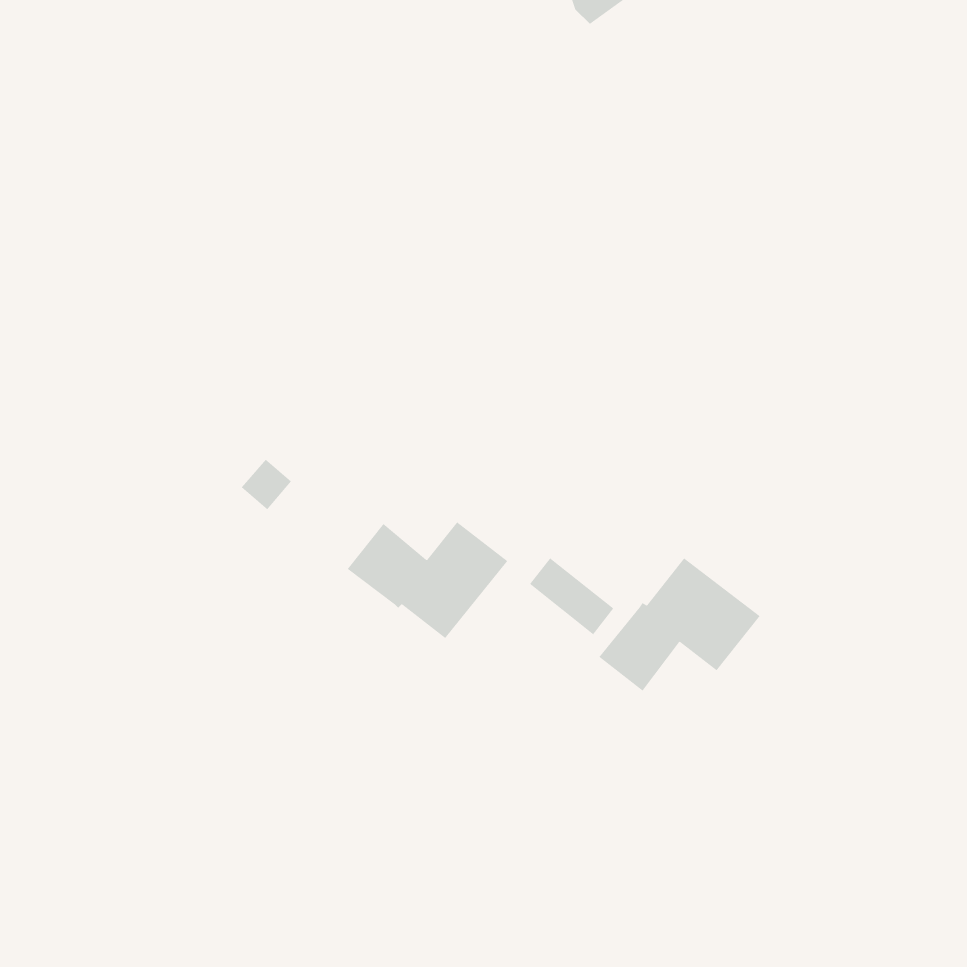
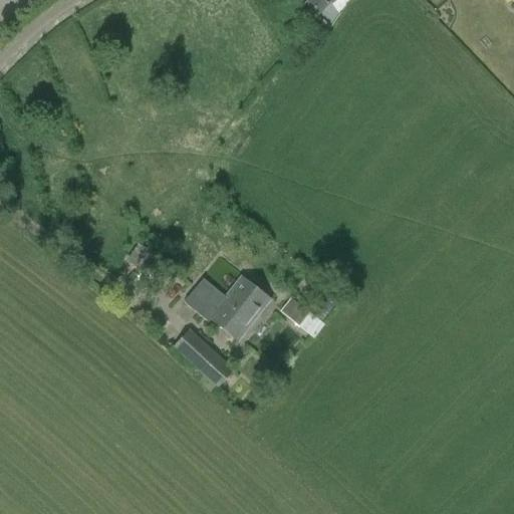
building: [599,558,760,692] -> none
building: none -> [174,328,233,387]

